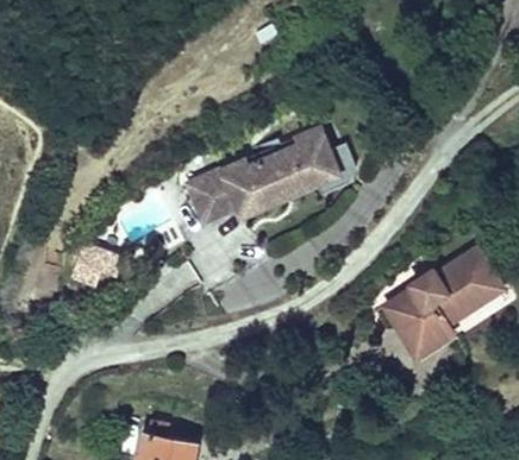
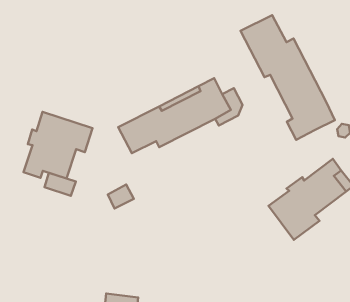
building: none -> [240,15,335,140]
building: none -> [24,112,93,179]

